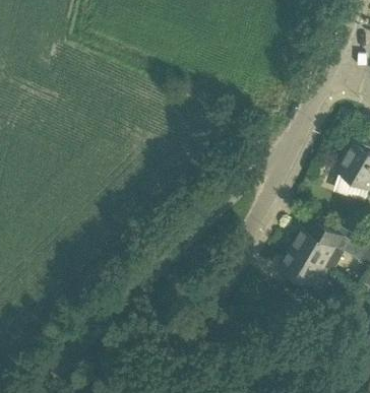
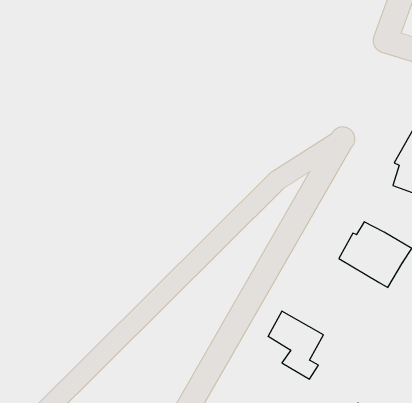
building: [278,247,322,302] -> [268,311,323,379]

